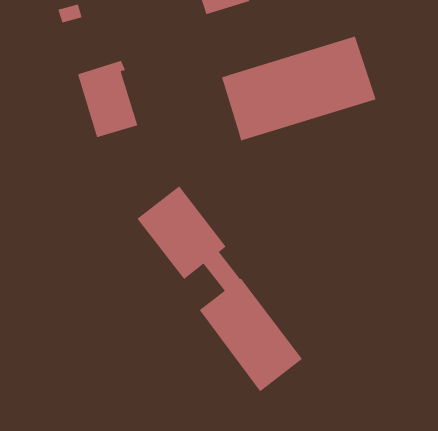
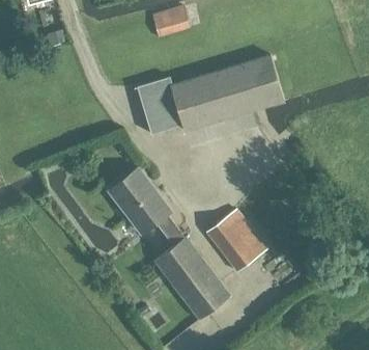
building: [77,60,138,138] -> [136,76,181,134]
building: none -> [205,208,267,272]

